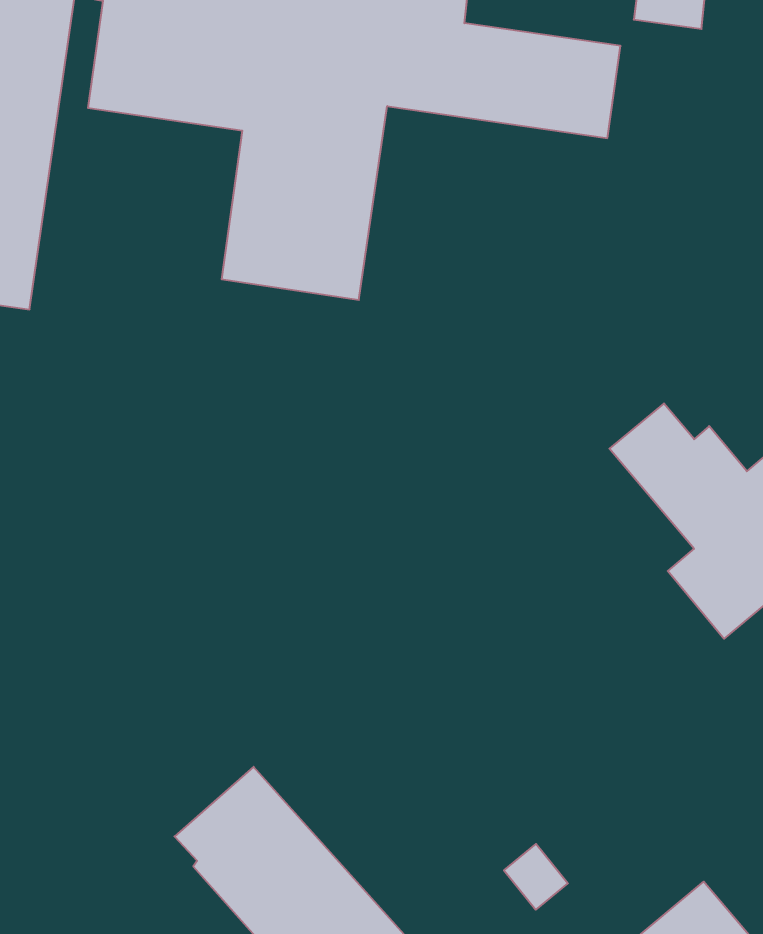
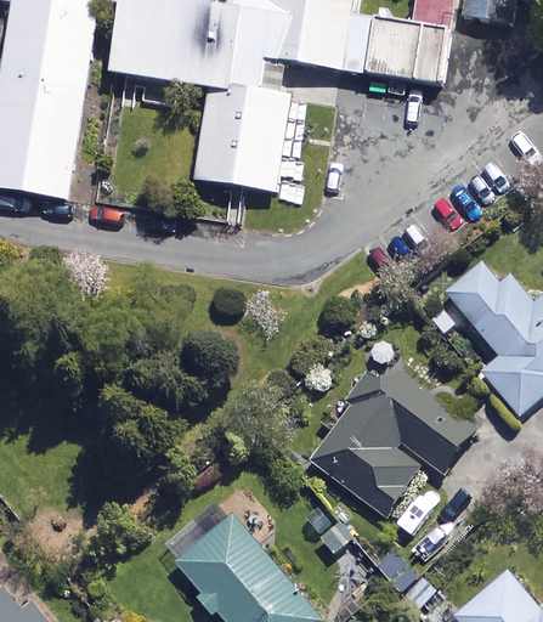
building: none -> [310,357,471,516]

